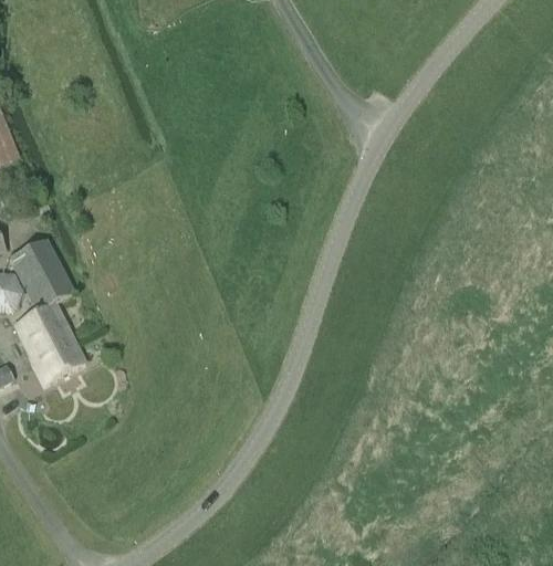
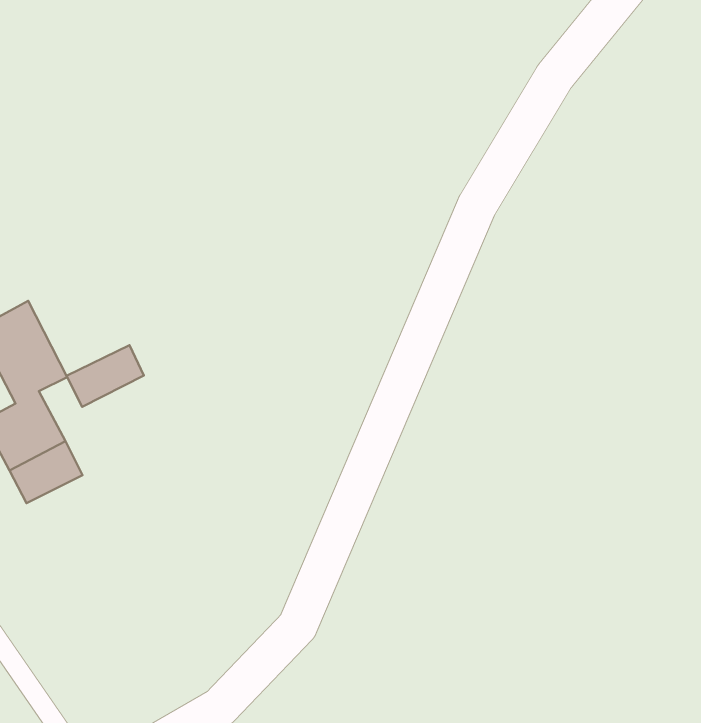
building: none -> [66,345,144,407]

